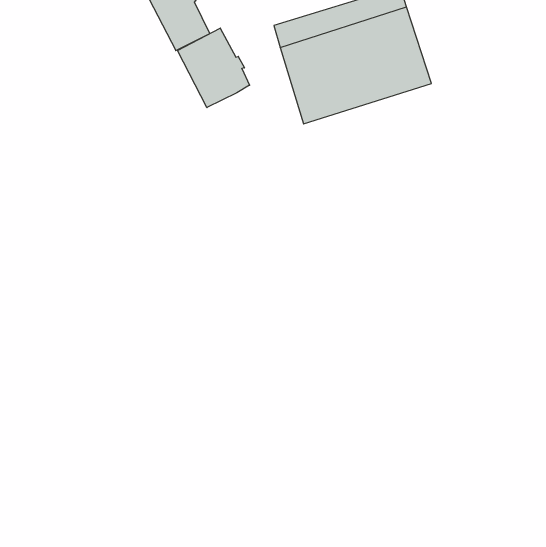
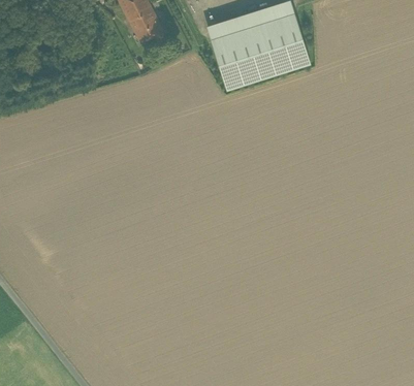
building: [178,28,250,108] -> none

